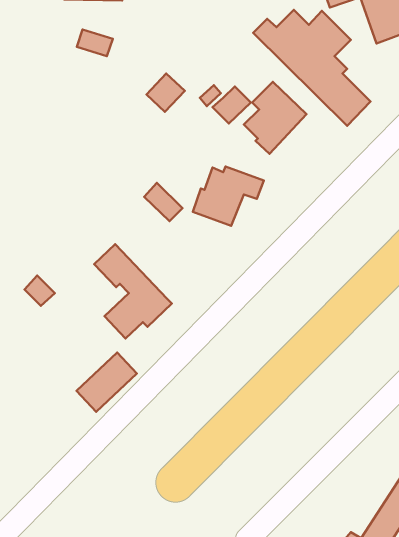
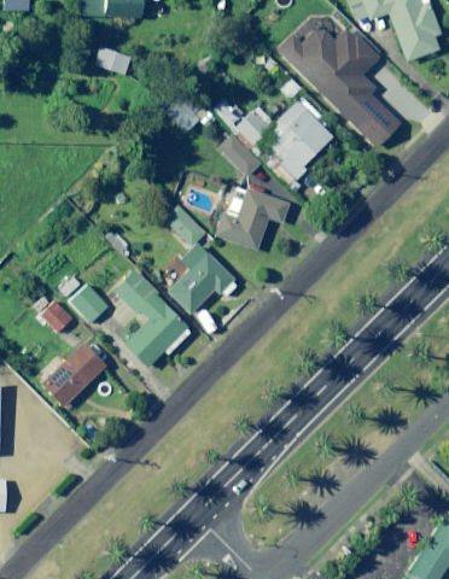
building: none -> [220,134,263,177]
building: none -> [169,244,235,314]
building: none -> [71,286,109,323]
building: [76,353,137,412] -> [43,345,106,407]

